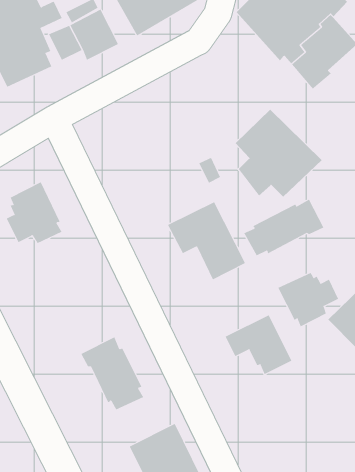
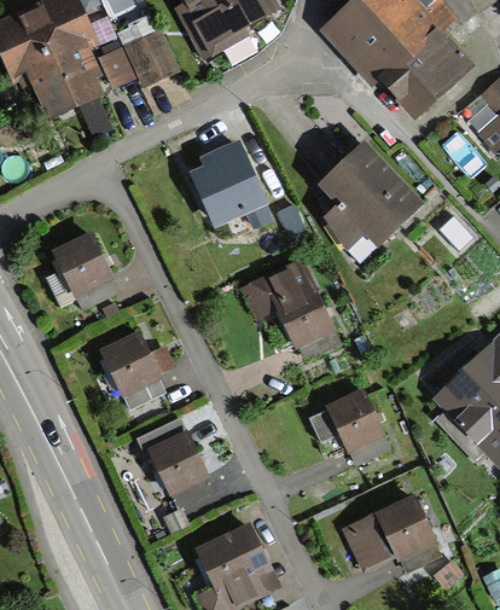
building: none -> [191,145,272,227]
building: [244,199,324,256] -> none
building: none -> [97,330,175,408]
building: [278,272,339,327] -> none
building: none -> [343,494,442,570]

